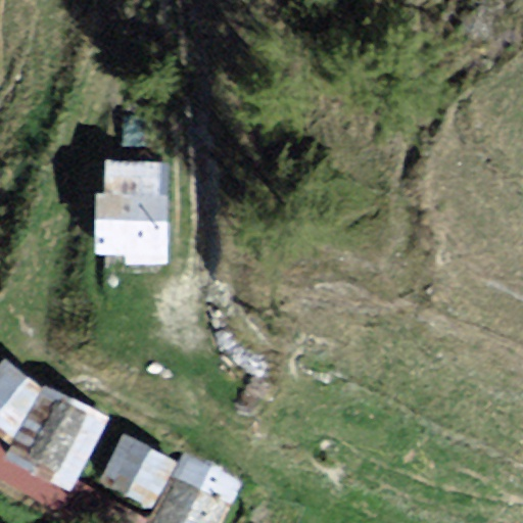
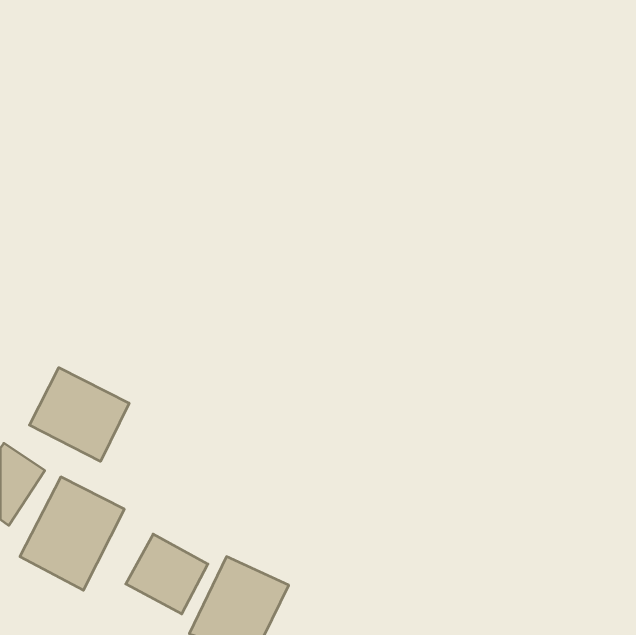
building: [99,162,168,263] -> none
building: none -> [29,368,129,461]

